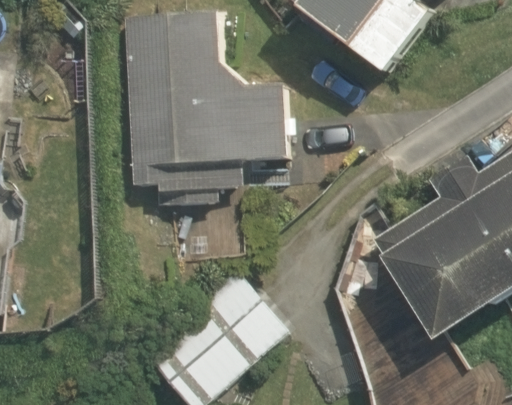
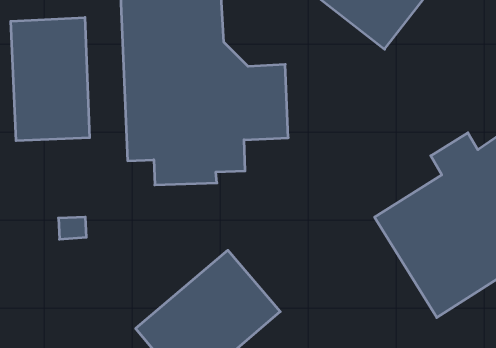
building: none -> [11,17,90,141]

